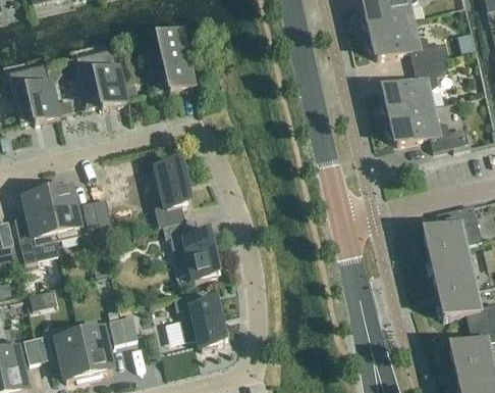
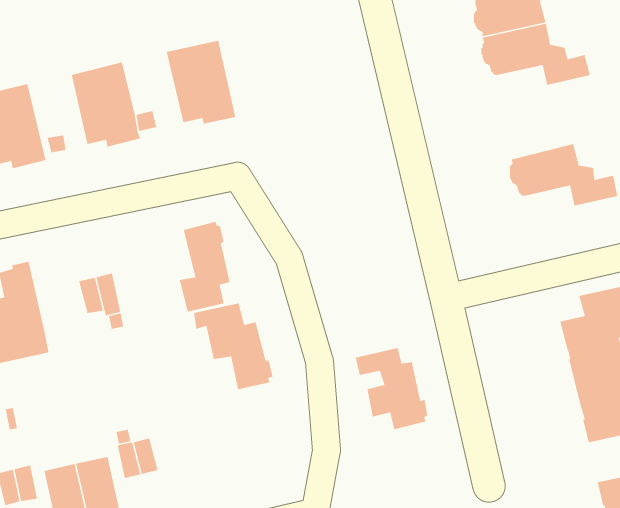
building: [380,55,447,115] -> none
building: [46,185,79,238] -> none
building: [173,289,225,348] -> [355,347,428,430]

